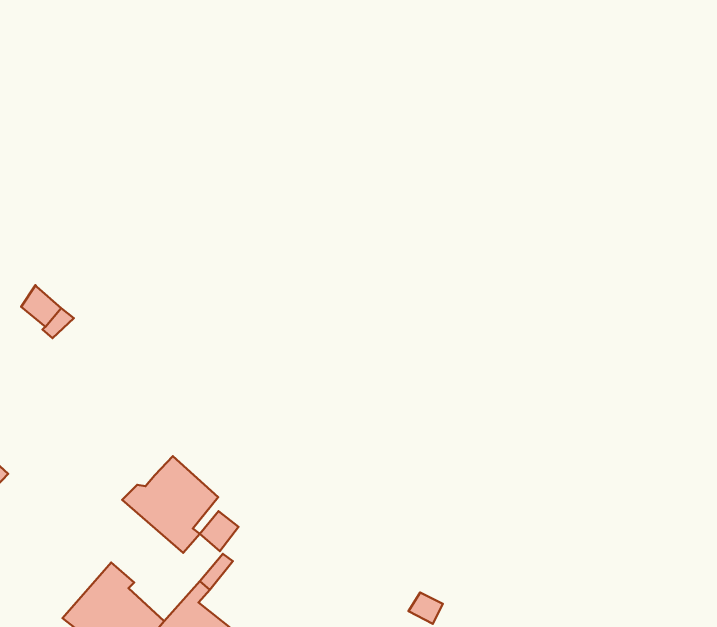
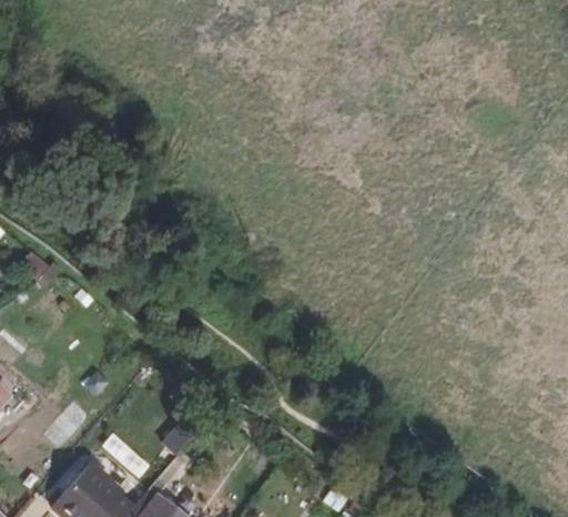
building: [122,456,218,553] -> none

